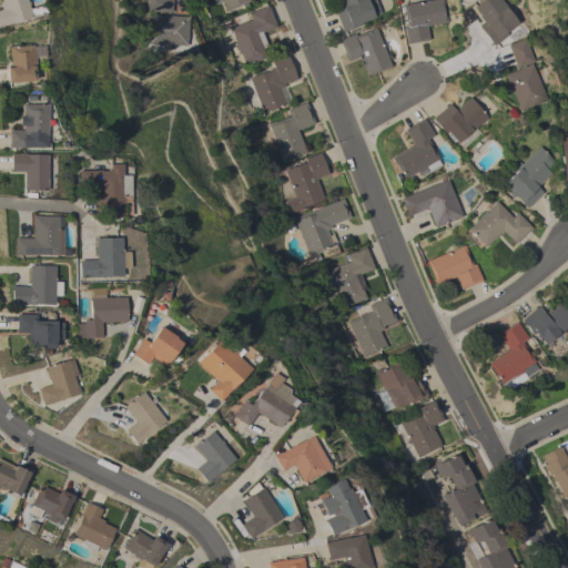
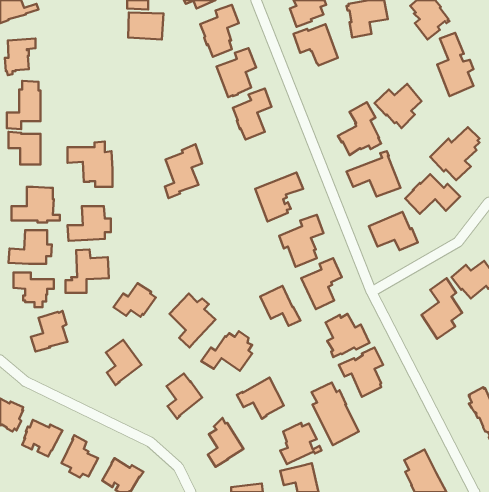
building: [287,152,331,214] -> [165,144,202,198]
building: none -> [260,286,300,326]
building: [436,454,490,526] -> [312,382,359,445]

